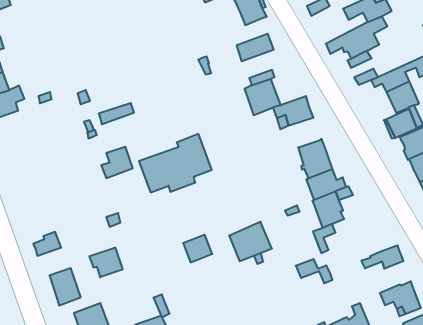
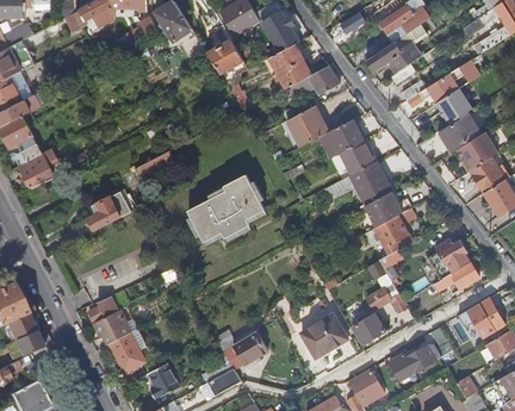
building: none -> [207,41,243,74]
building: none -> [263,44,304,76]
building: none -> [285,66,339,100]
building: none -> [341,141,374,174]
building: [101,147,133,178] -> [88,195,122,231]
building: none -> [434,238,470,272]
building: [229,222,272,261] -> [302,315,348,359]
building: [183,235,212,262] -> [234,332,266,363]
building: [89,248,123,277] -> [94,311,131,344]
building: none -> [353,313,385,343]

